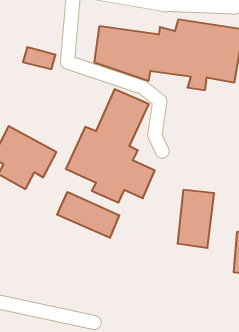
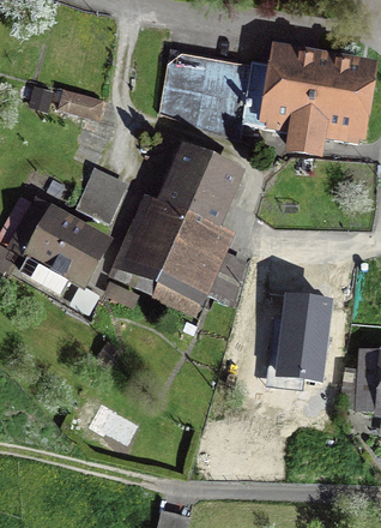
building: none -> [75,170,125,221]
building: [57,192,119,238] -> none

